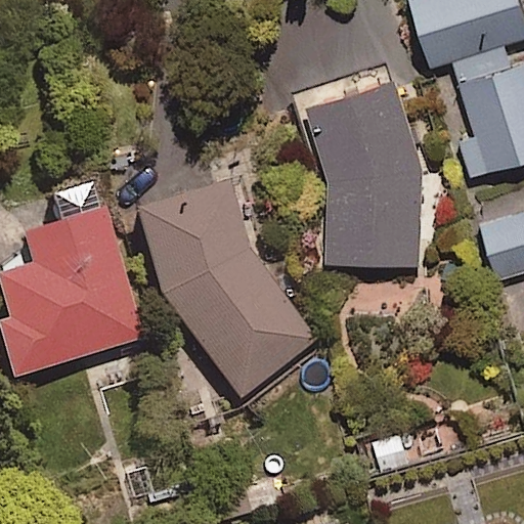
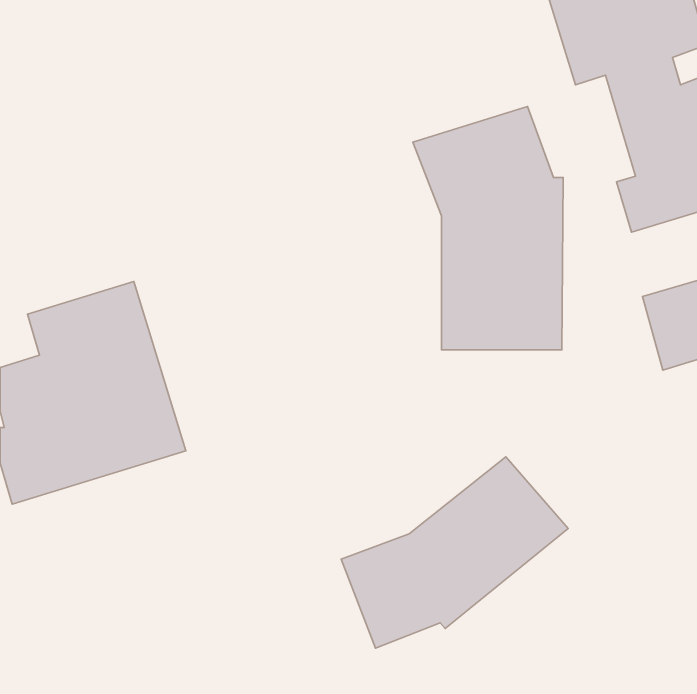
building: [133,185,318,397] -> none
building: none -> [341,457,568,648]

